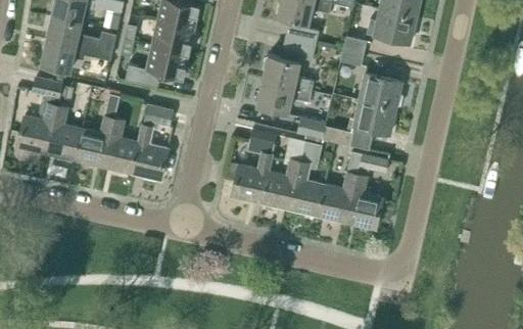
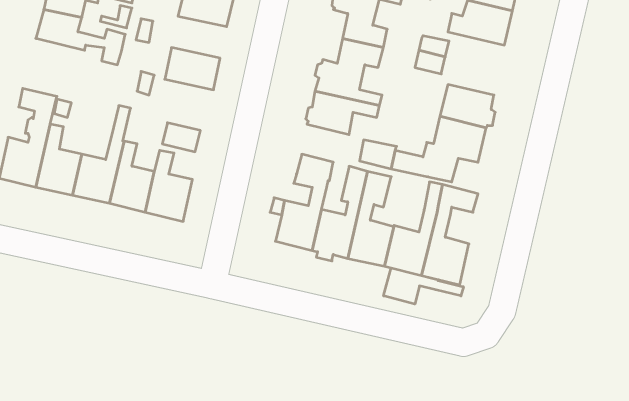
building: [151,21,194,54] -> none
building: [41,39,99,70] -> none
building: none -> [384,268,463,304]

